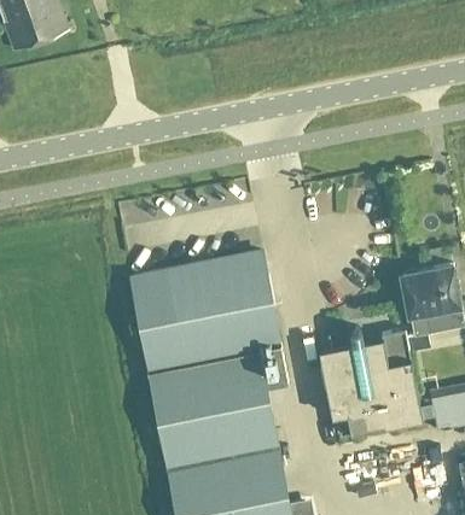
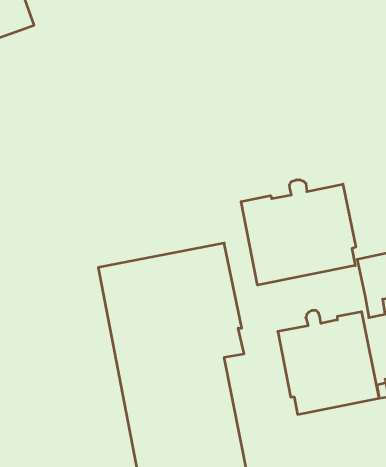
building: none -> [241,180,356,285]

